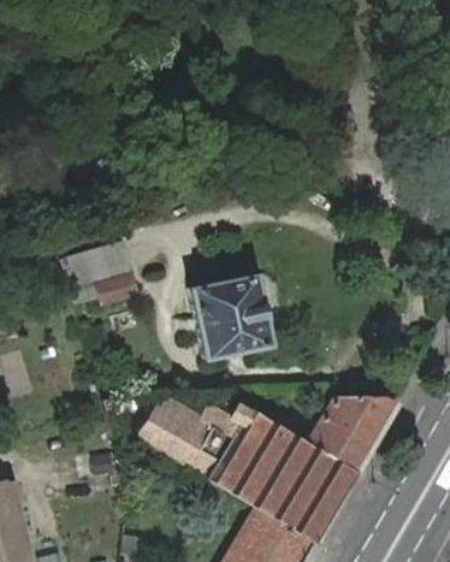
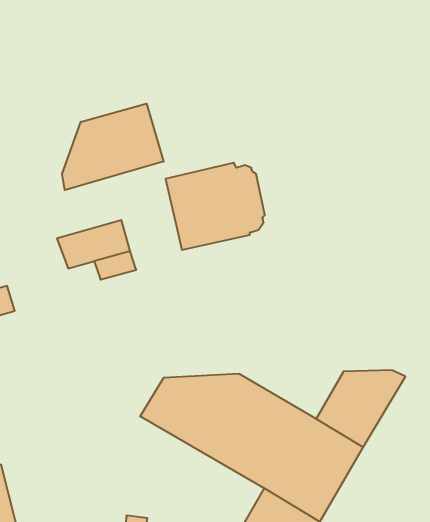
building: none -> [62,104,164,190]
building: [190,277,286,361] -> [166,163,265,250]

